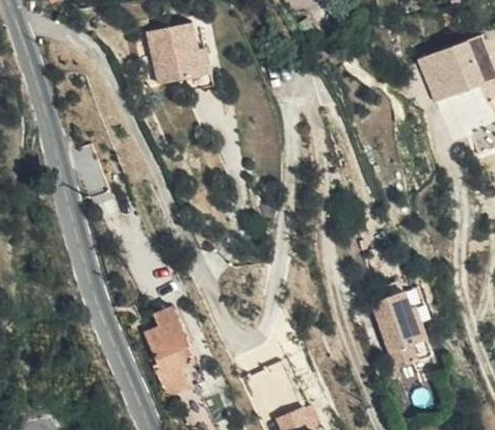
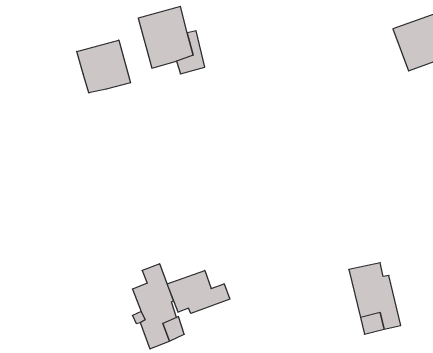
building: none -> [77,40,130,93]
building: none -> [167,270,230,313]

